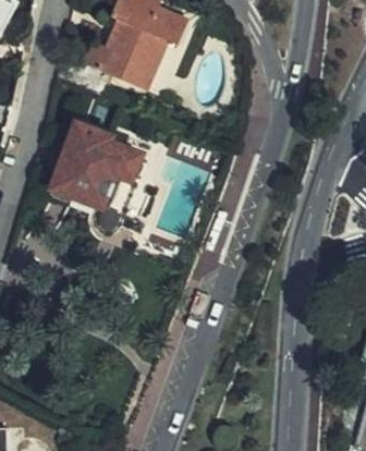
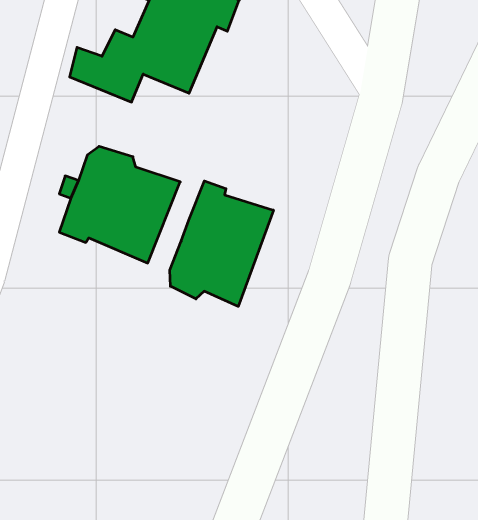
building: none -> [170,181,273,306]

